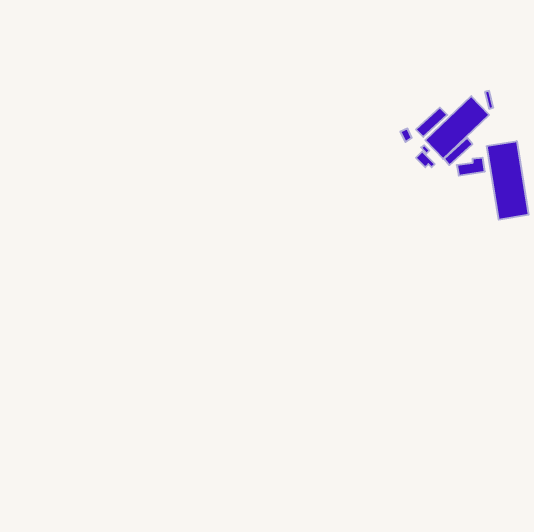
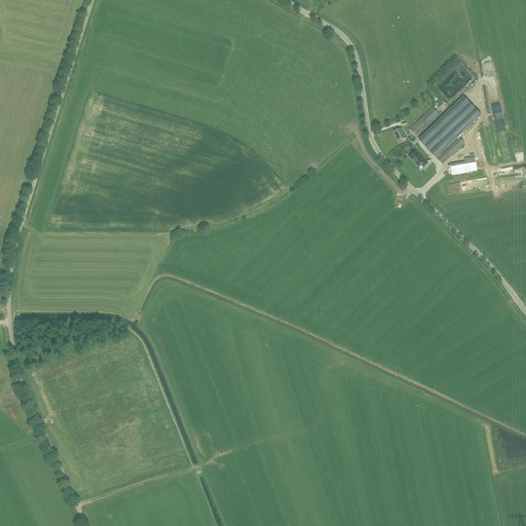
building: [487,141,529,220] -> none

